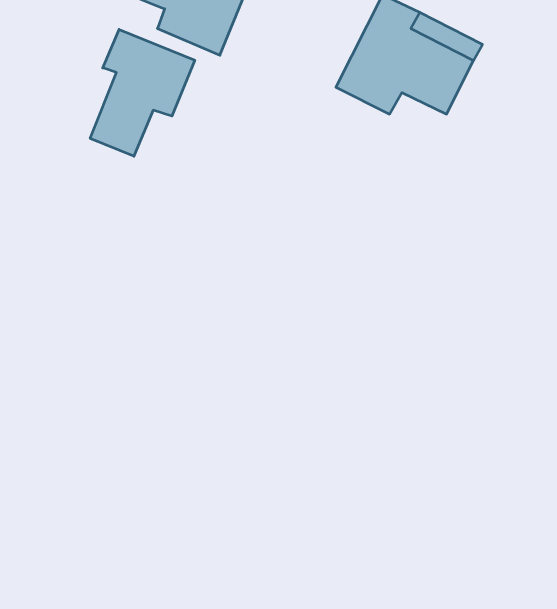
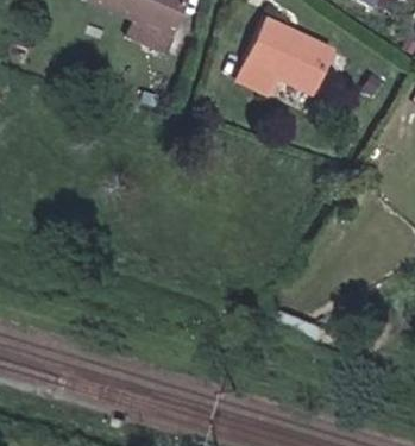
building: [90,29,195,156] -> none

